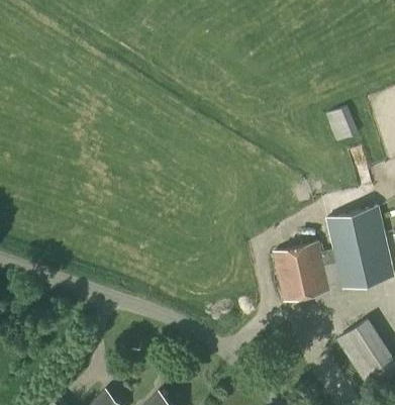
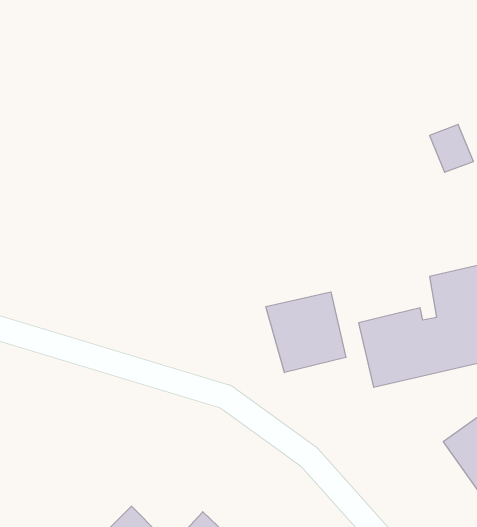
building: none -> [266,292,346,373]

